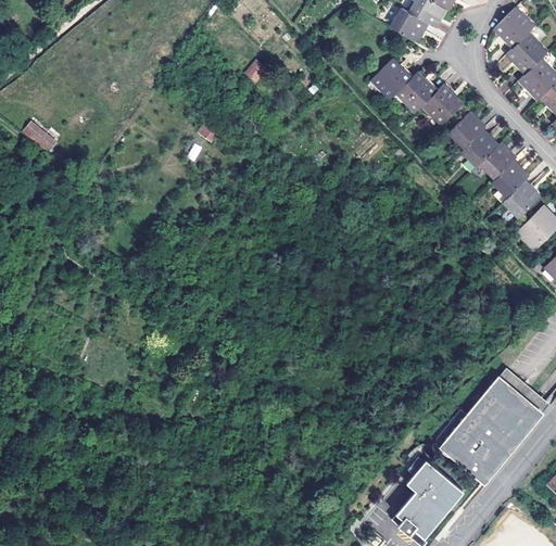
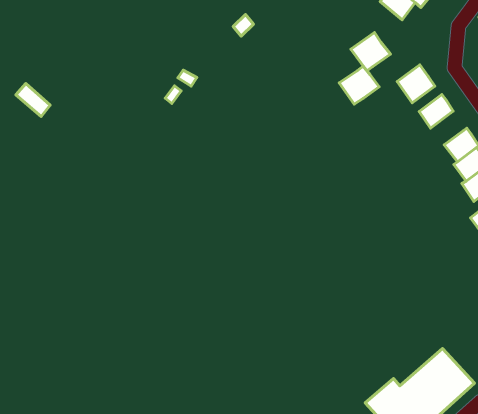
building: [394,73,435,113] -> [339,66,379,104]
building: [21,120,58,152] -> [16,84,50,117]
building: [460,129,496,166] -> none

